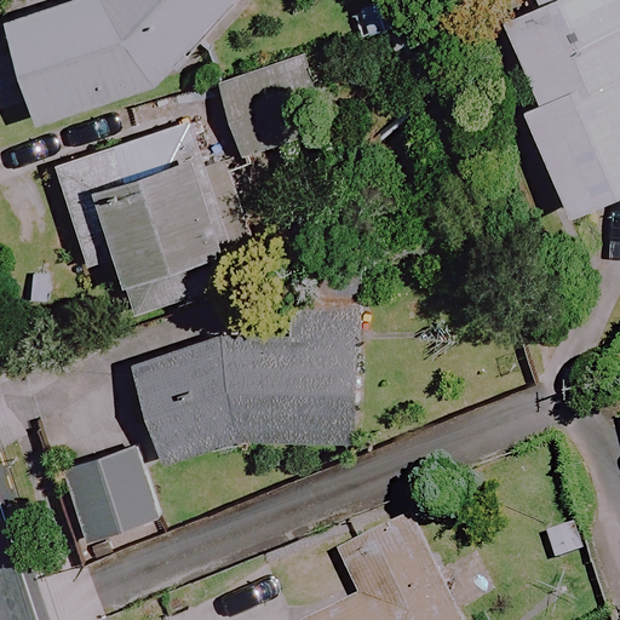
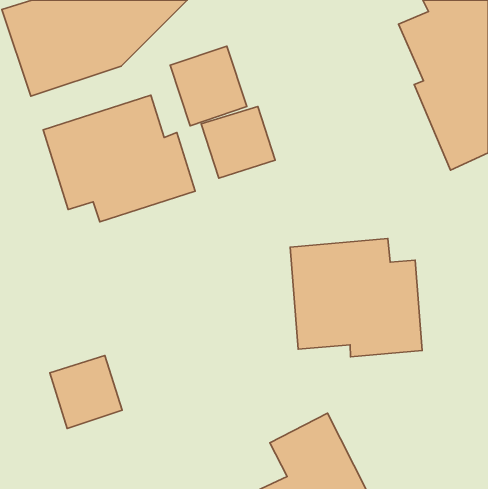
building: none -> [201,107,275,178]
building: none -> [290,239,422,357]
building: [131,325,356,458] -> none

